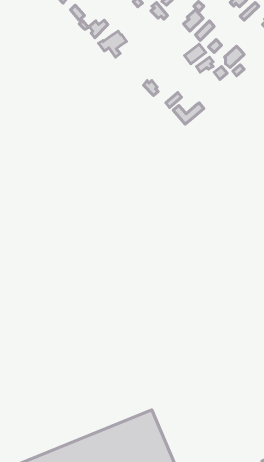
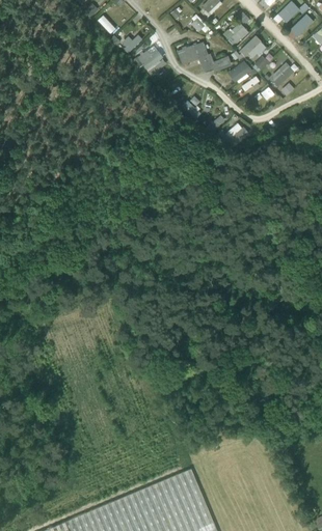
building: none -> [177,43,230,73]

